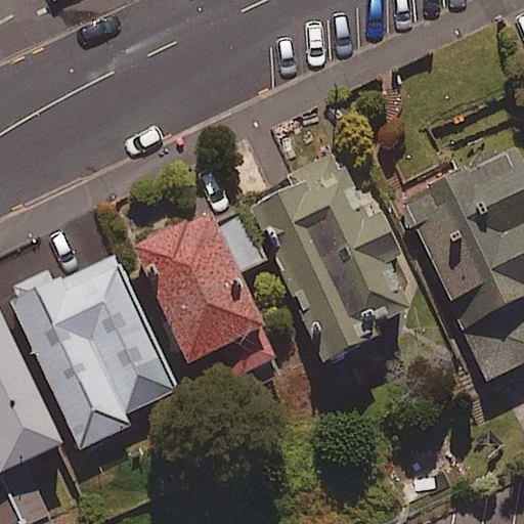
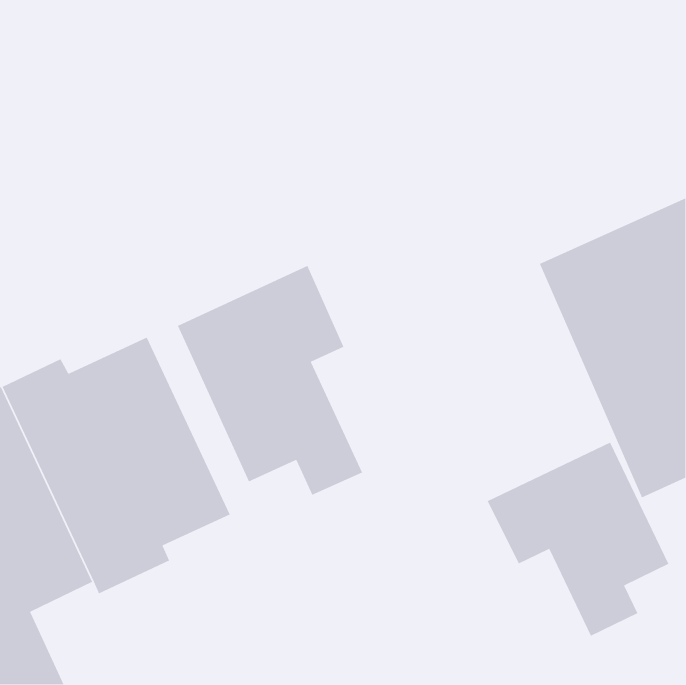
building: [257,152,409,358] -> none
building: none -> [487,442,670,637]

